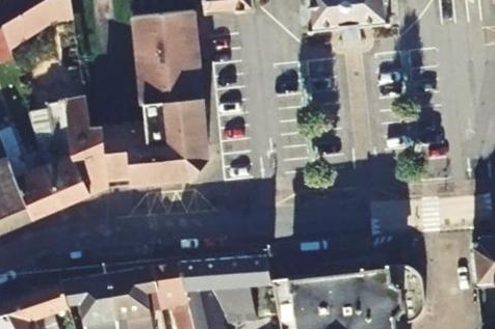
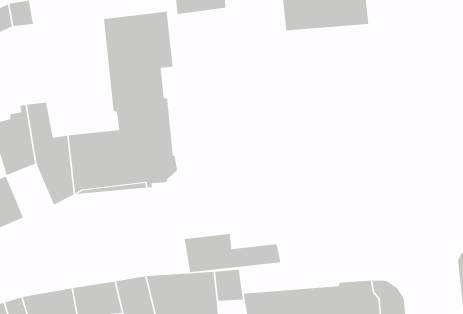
building: [46,156,90,207] -> none
building: none -> [184,233,281,273]

